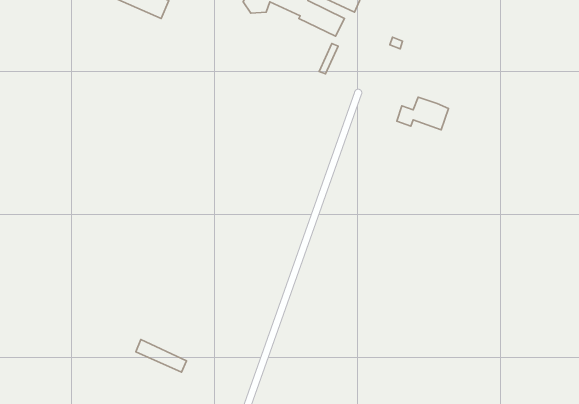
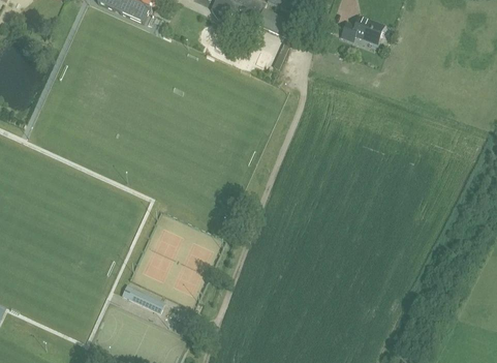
building: [397,97,449,130] -> [340,16,382,42]

